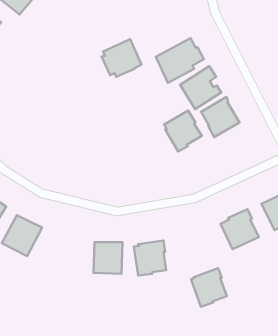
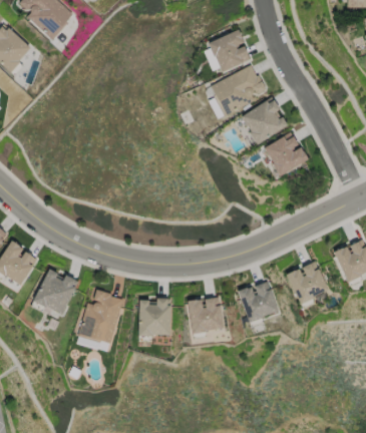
building: [101,39,142,77] -> [203,30,249,73]
building: [164,111,202,152] -> none
building: none -> [76,290,123,343]
building: [191,268,227,307] -> [236,281,277,325]

